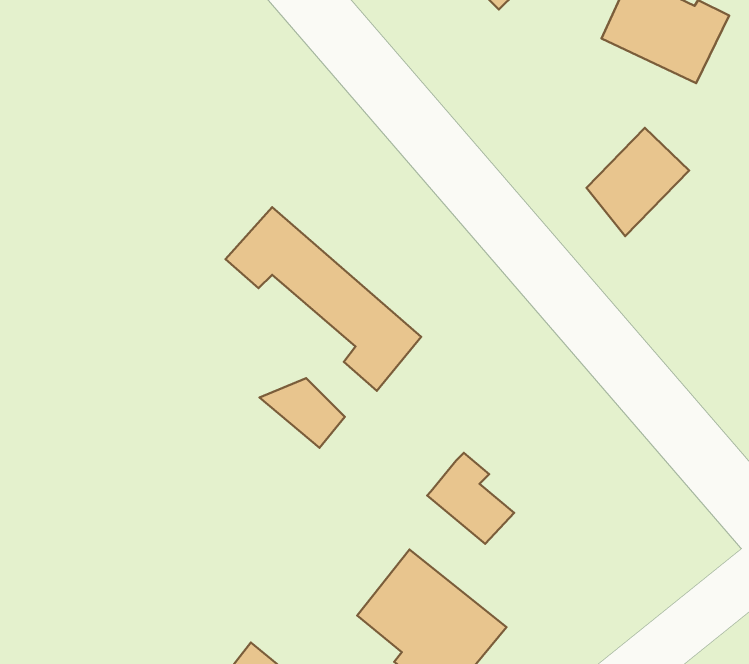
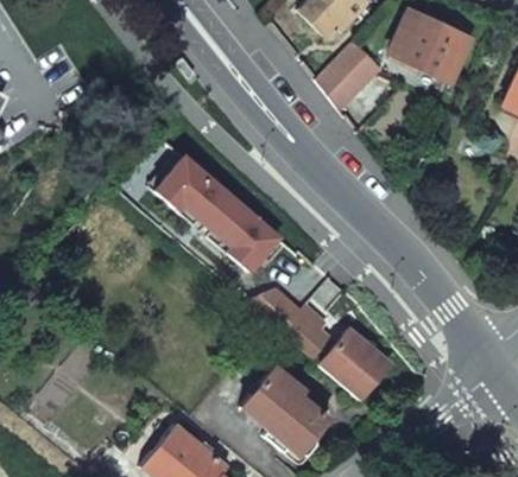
building: [587,128,689,236] -> [316,43,379,109]
building: [260,378,345,448] -> [249,290,302,332]
building: none -> [320,330,391,400]

